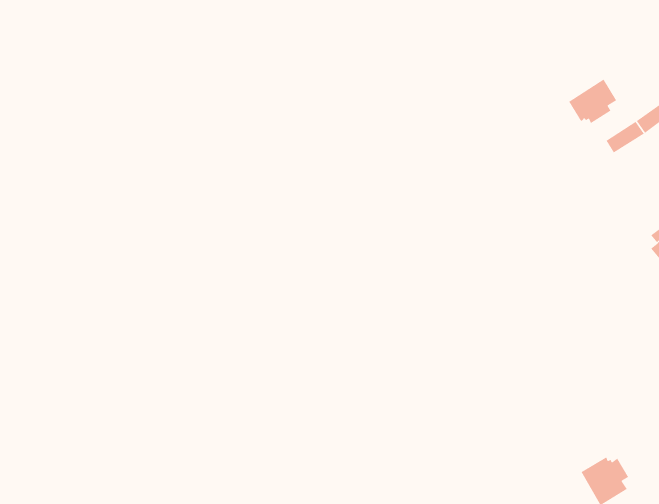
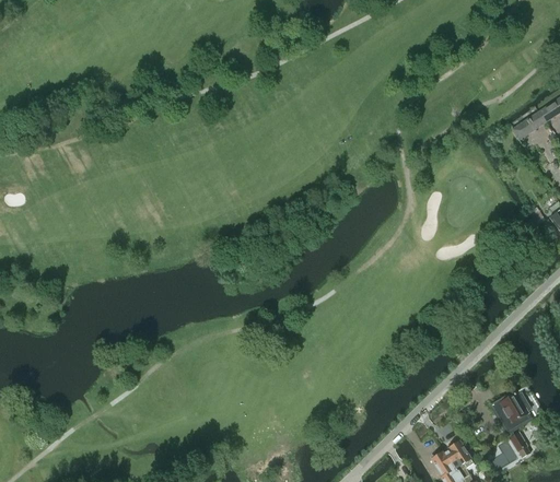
building: [568,79,617,124] -> none

